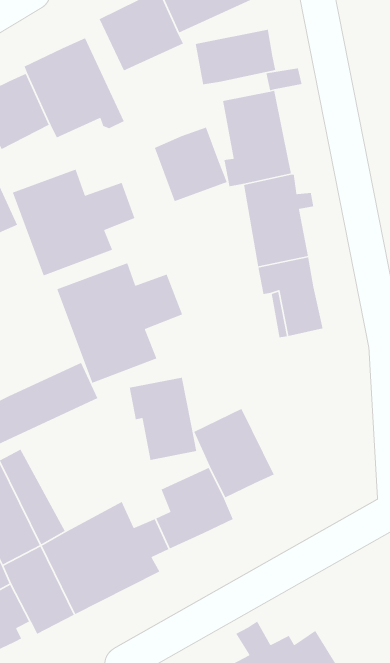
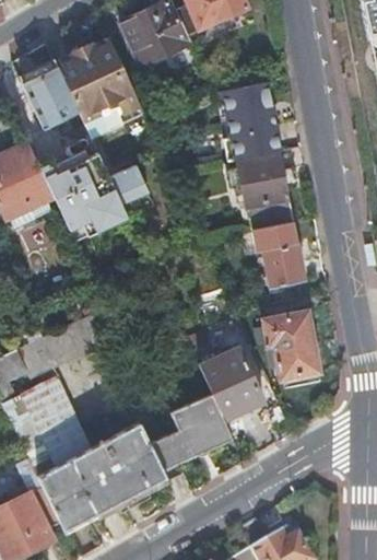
building: [195,29,276,85] -> none
building: [154,127,228,202] -> none
building: [56,262,183,384] -> none
building: [129,377,197,461] -> [263,310,320,380]

